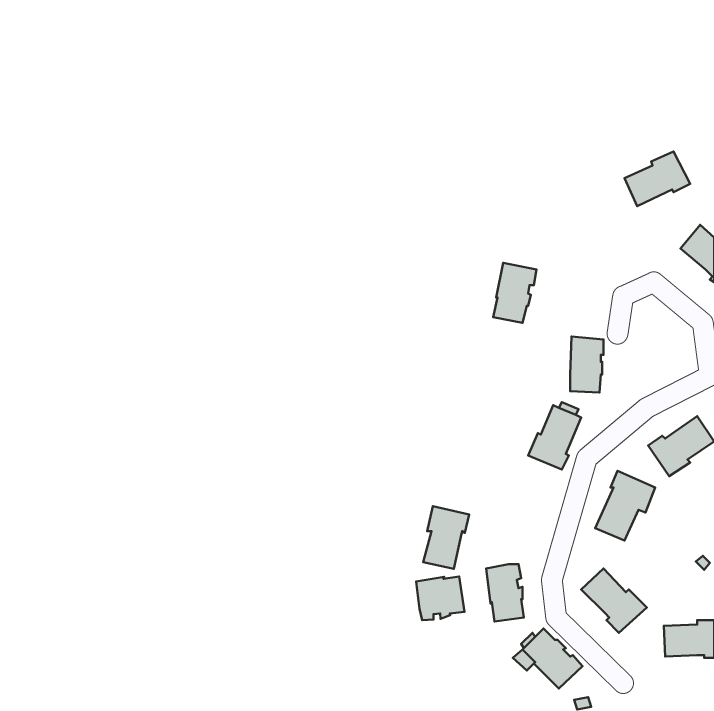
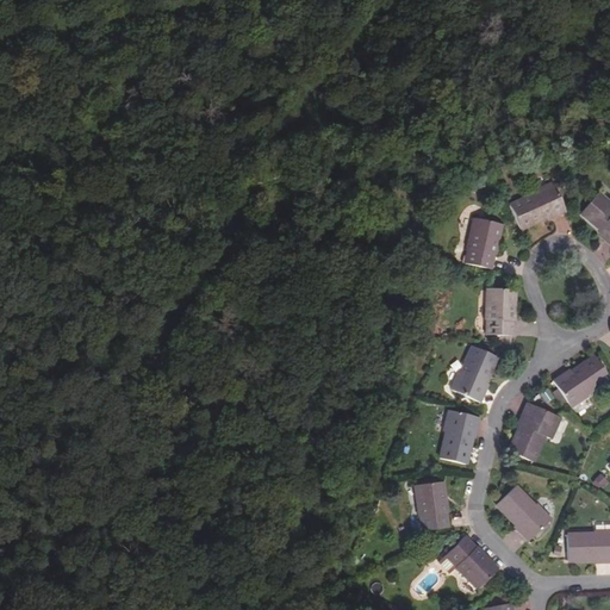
building: [625,152,690,206] -> [509,181,565,228]
building: [493,263,537,323] -> [465,217,502,268]
building: [423,506,469,569] -> [440,410,479,463]
building: [416,576,464,620] -> none

